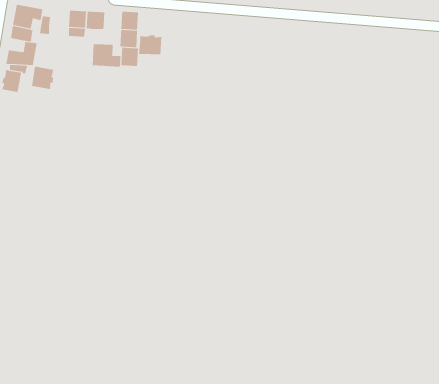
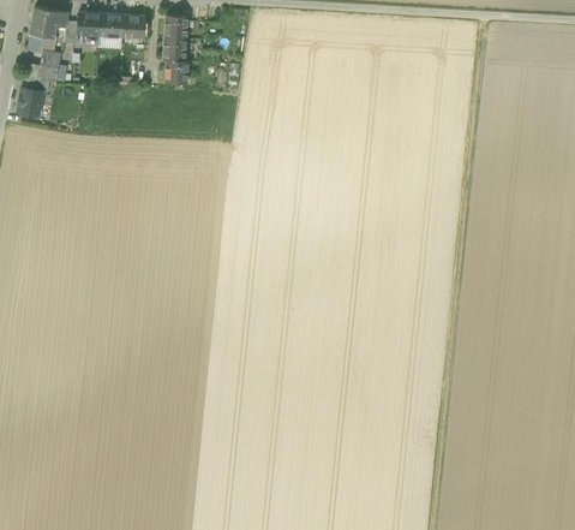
building: none -> [77,12,101,36]
building: [139,35,162,55] -> none
building: [92,43,121,67] -> none
building: [32,66,54,90] -> none

